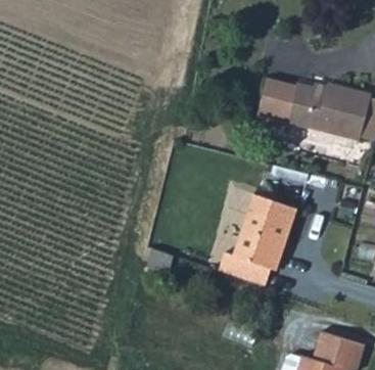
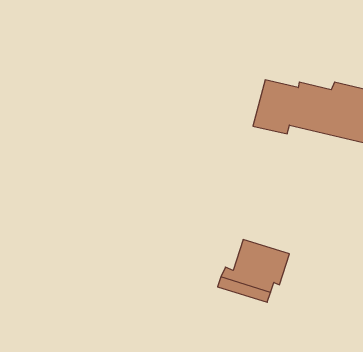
building: [242,195,295,241] -> none

